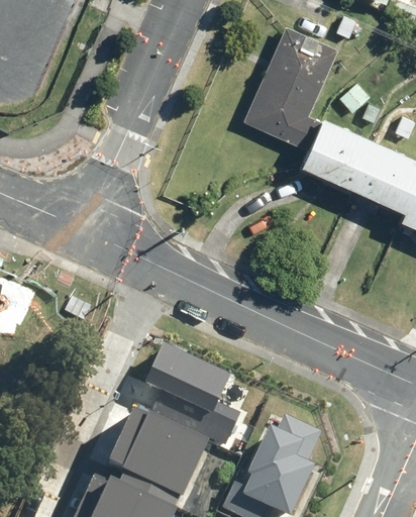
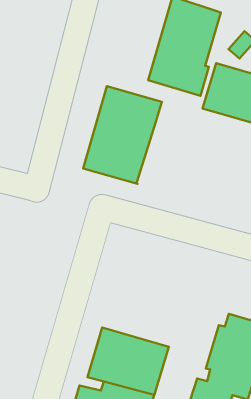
building: none -> [83,86,162,184]
building: [147,341,242,443] -> none

